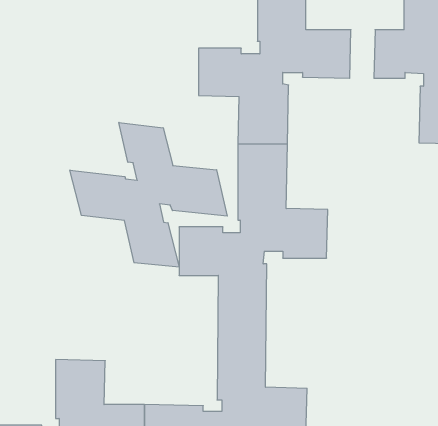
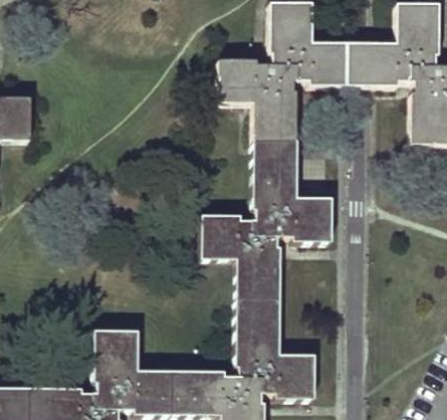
building: none -> [351,43,373,85]
building: [70,122,227,267] -> none

